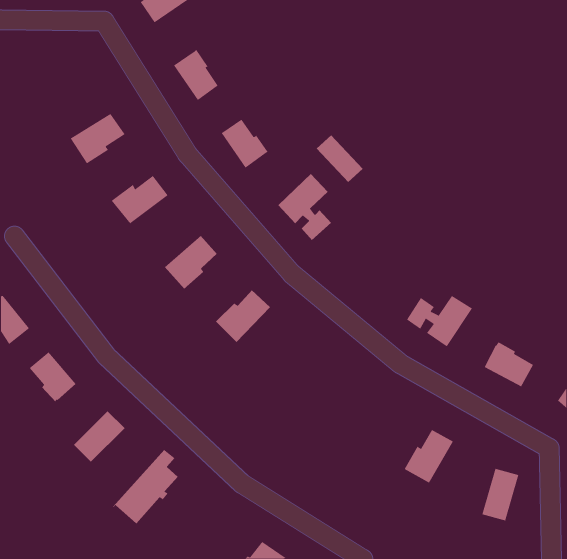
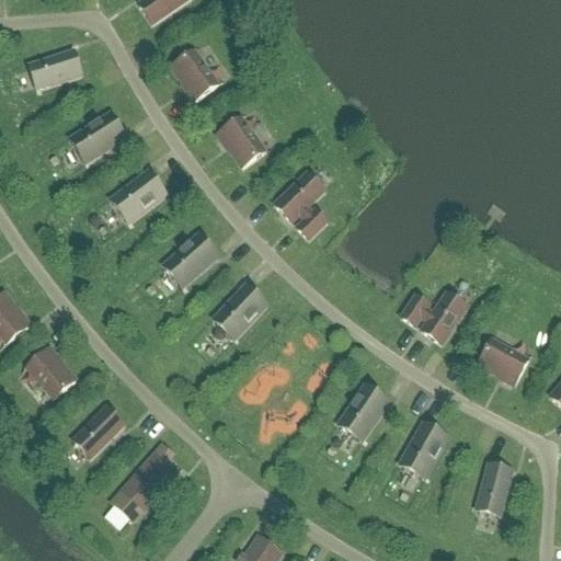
building: none -> [28,49,82,88]
building: [316,134,364,183] -> none
building: none -> [337,383,386,439]

